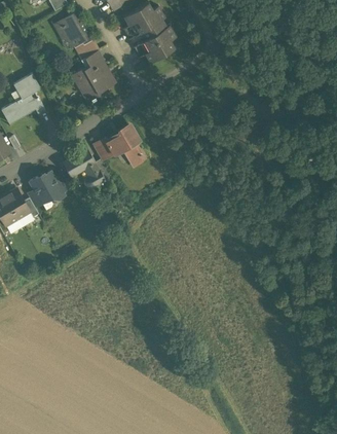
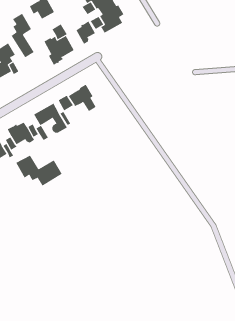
building: none -> [11,13,34,58]
building: none -> [76,21,96,44]
building: none -> [15,155,62,186]

